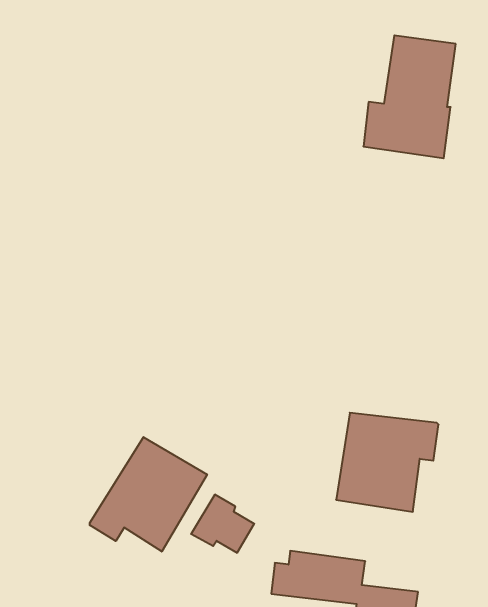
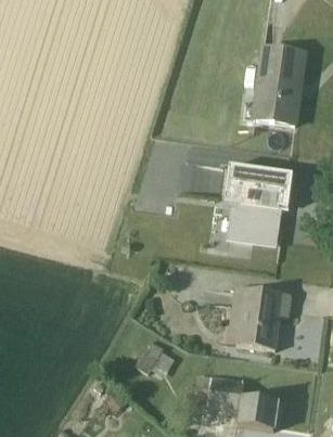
building: none -> [225,167,293,248]
building: [90,437,207,552] -> none

